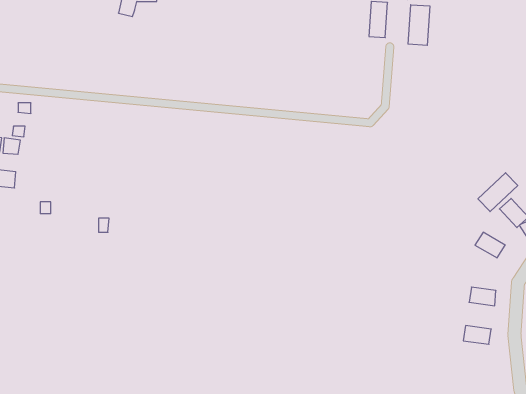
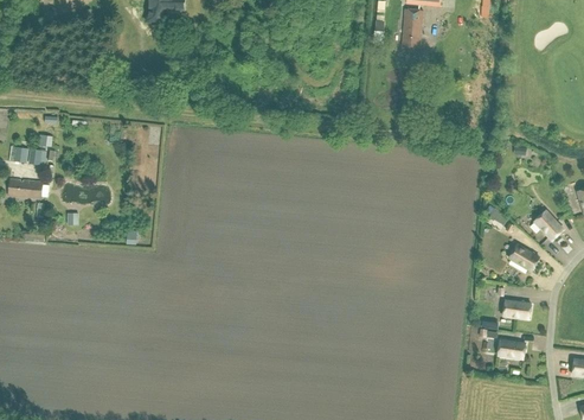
building: [408,5,430,45] -> none
building: [478,173,518,212] -> none

